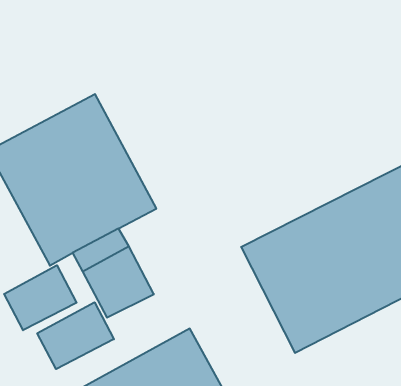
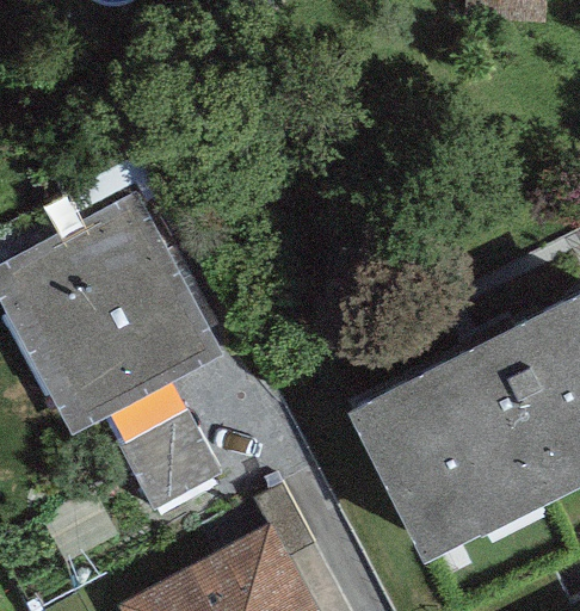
building: [4,265,77,330] -> none
building: [37,302,114,369] -> none

